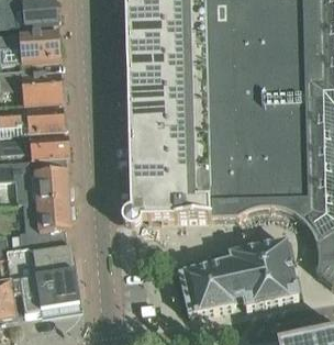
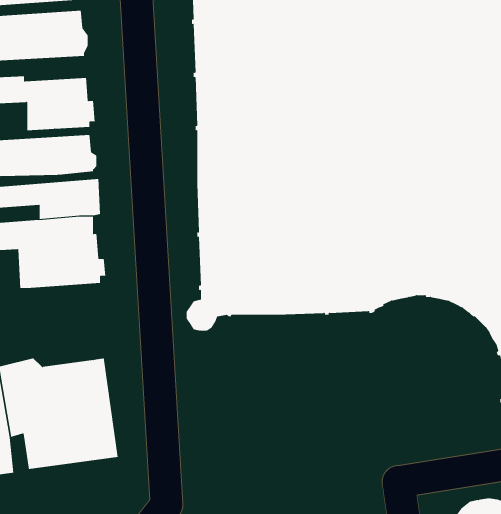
building: [23,199,75,245] -> none
building: [179,242,299,315] -> none

